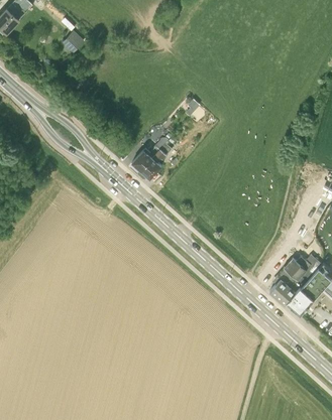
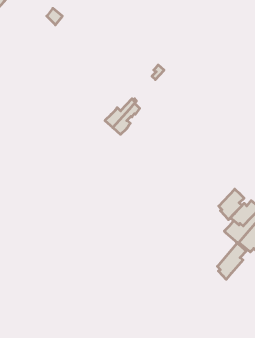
building: none -> [219,189,244,220]
building: none -> [217,243,246,279]

